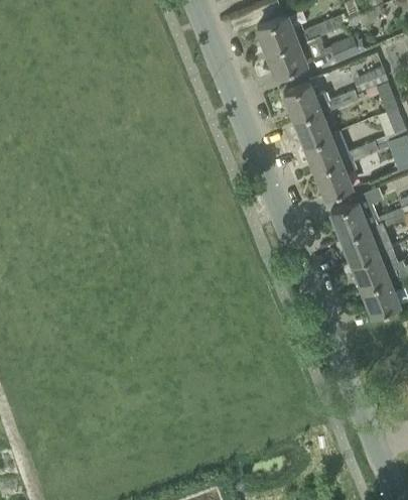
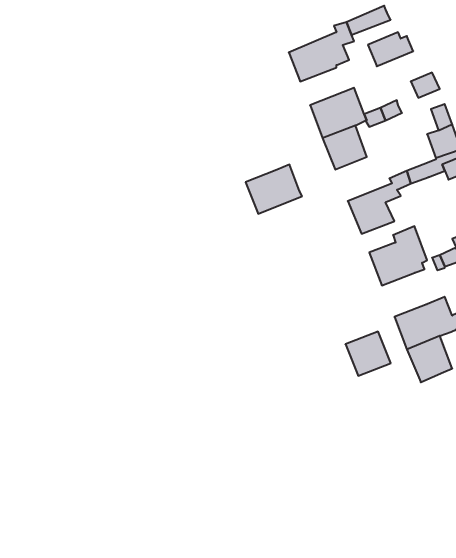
building: [256,16,304,51] -> none
building: [303,131,349,170] -> [246,165,302,214]
building: [341,228,377,263] -> [345,332,391,376]

